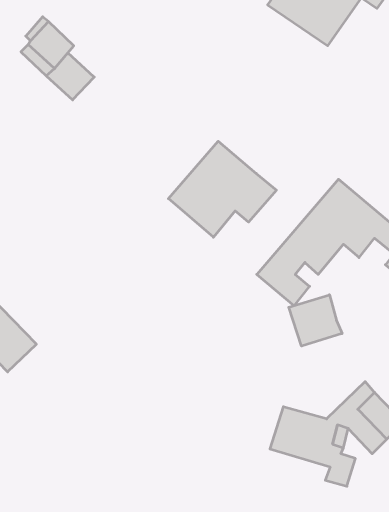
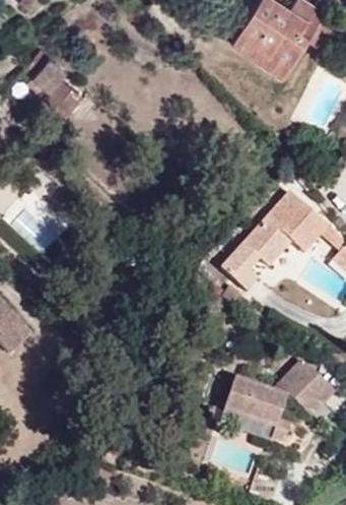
building: [168,141,276,237] -> none
building: [289,295,342,346] -> none

